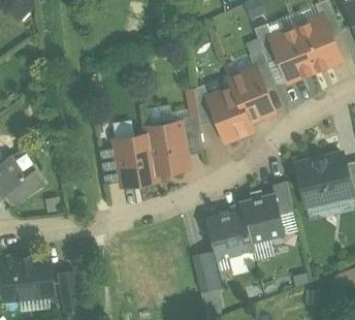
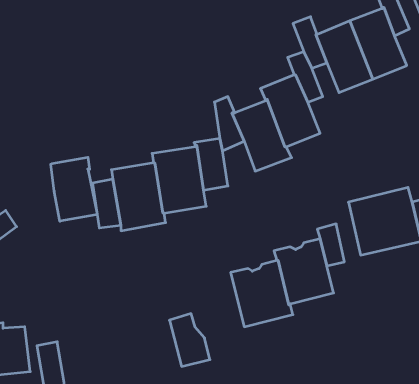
building: none -> [51,157,97,221]
building: [191,252,222,292] -> [169,314,210,366]

